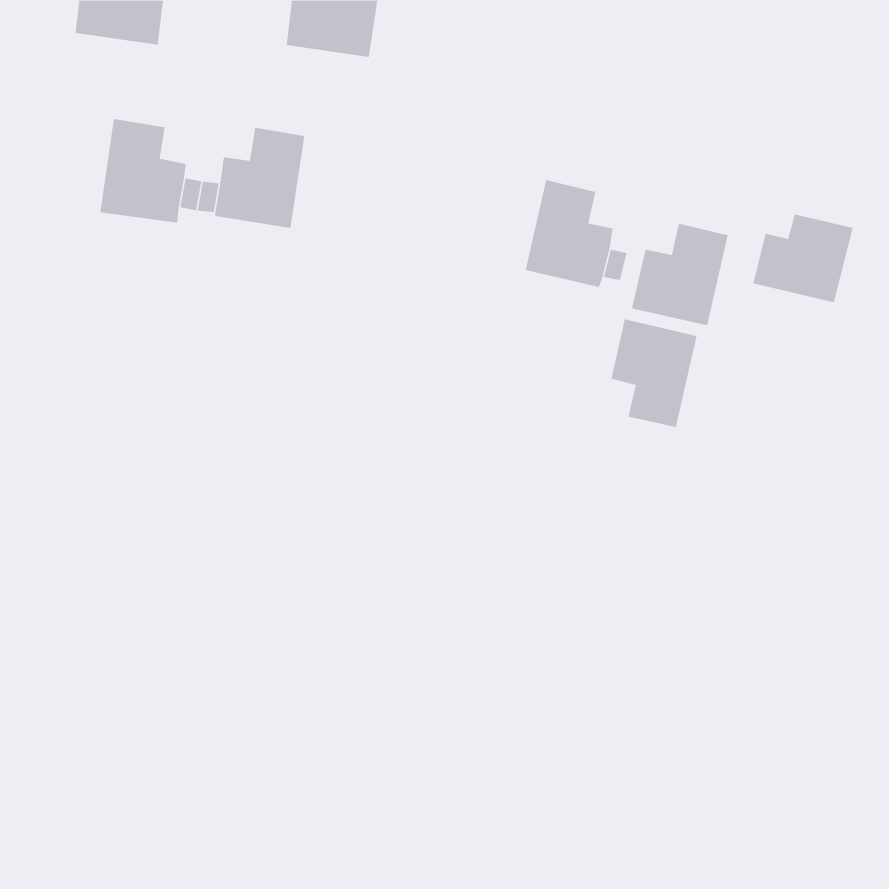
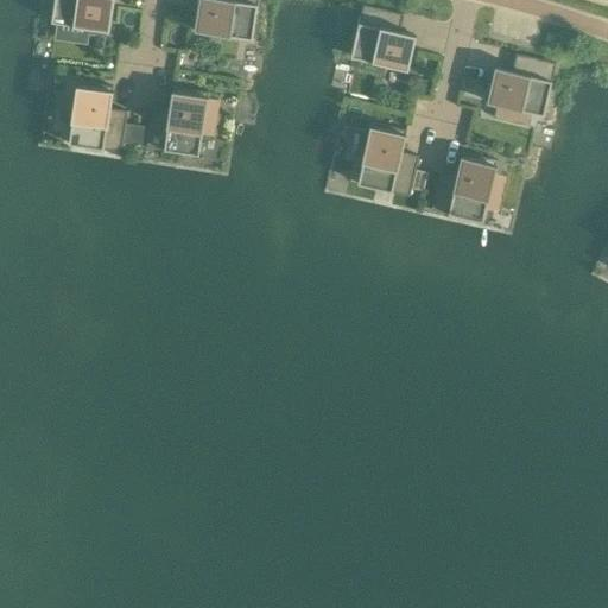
building: none -> [350,6,414,71]
building: [752,214,854,303] -> [487,56,556,116]
building: [611,319,697,428] -> none

